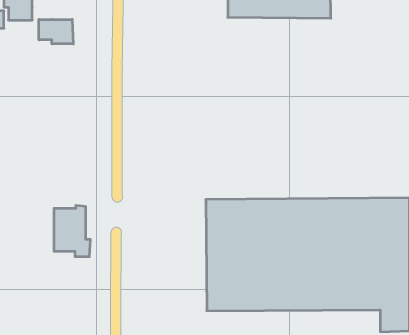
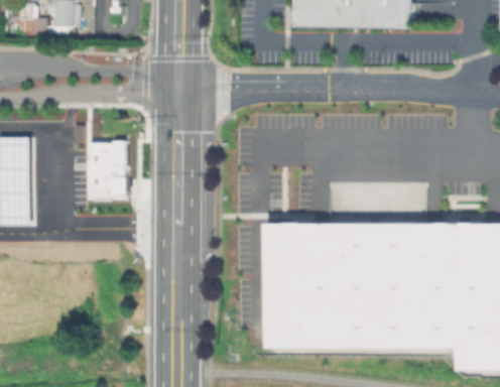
building: [39,19,73,44] -> none
building: [54,206,90,257] -> [90,138,130,195]

